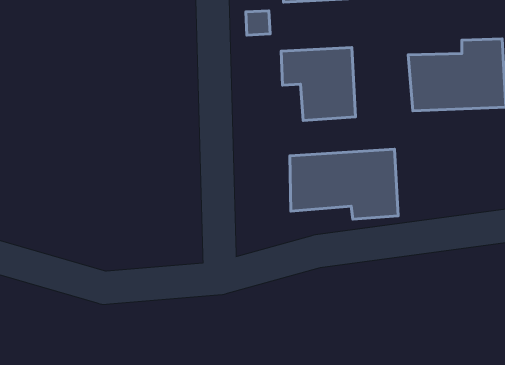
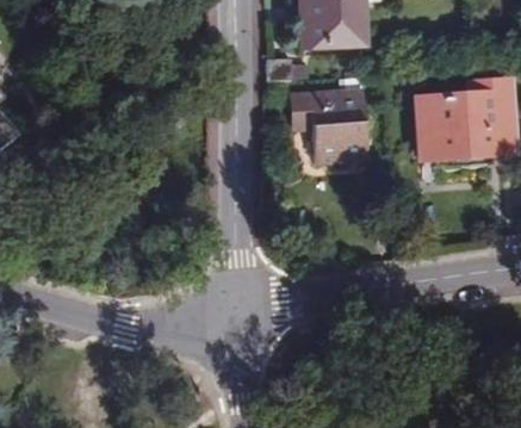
building: [290,149,398,219] -> none

